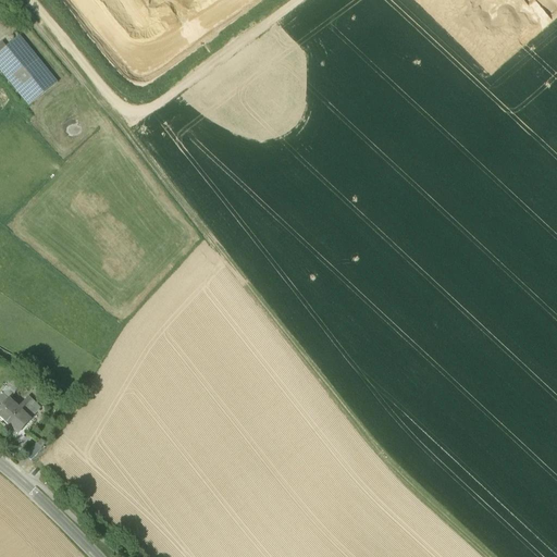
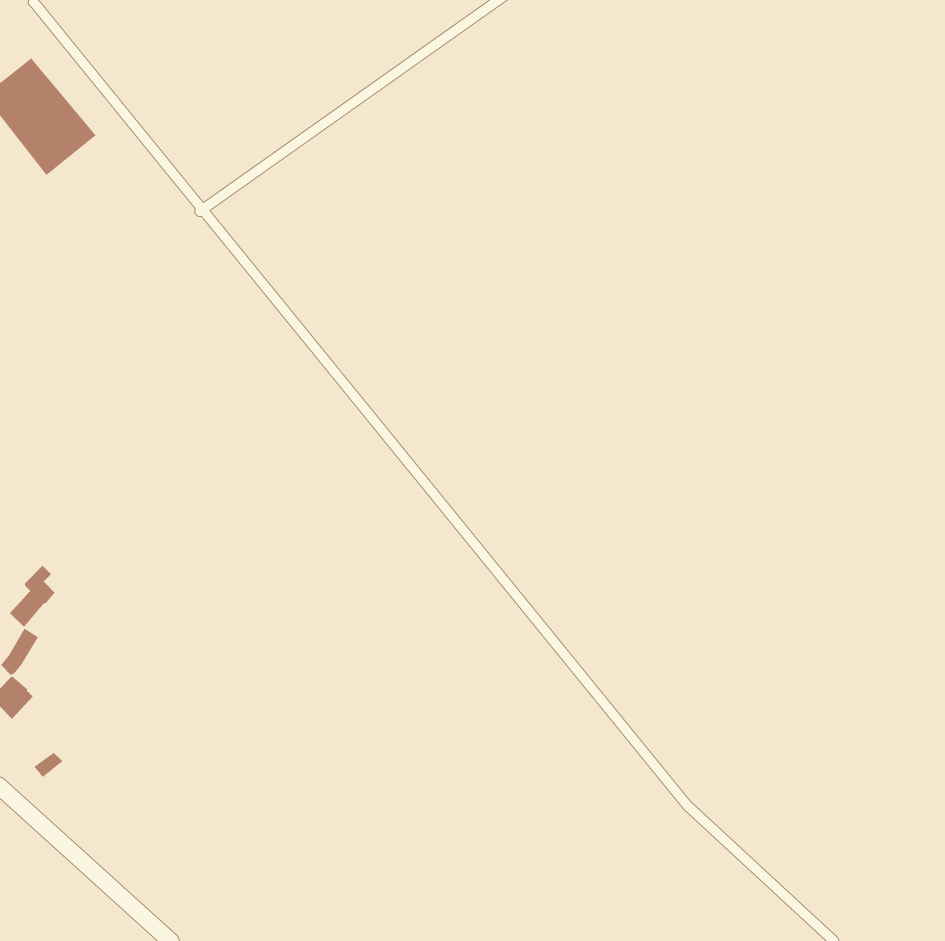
building: [8,394,35,431] -> [9,565,56,628]

